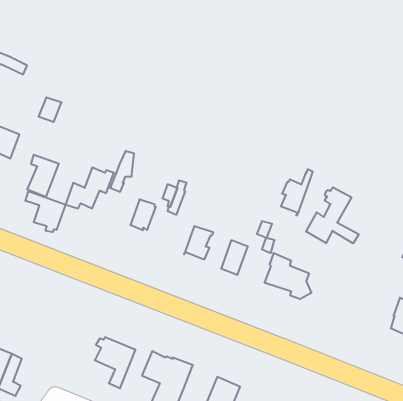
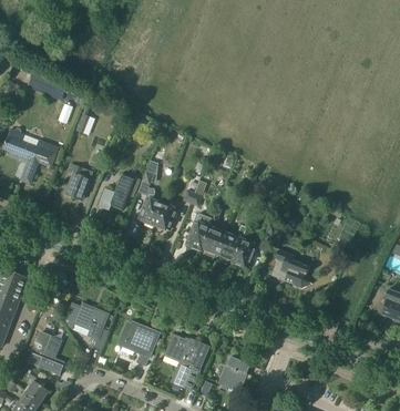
building: [281,169,313,215] -> [219,223,247,263]
building: none -> [139,188,163,225]
building: [306,187,359,243] -> none
building: [25,191,65,232] -> none
building: none -> [187,216,213,250]
building: none -> [64,302,110,351]

